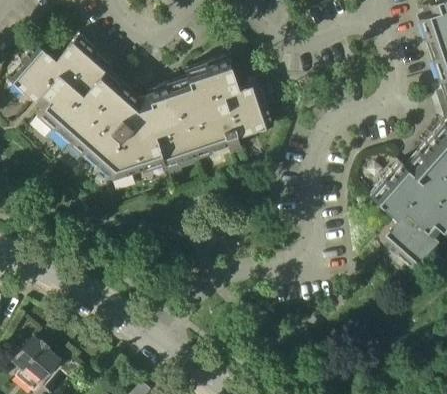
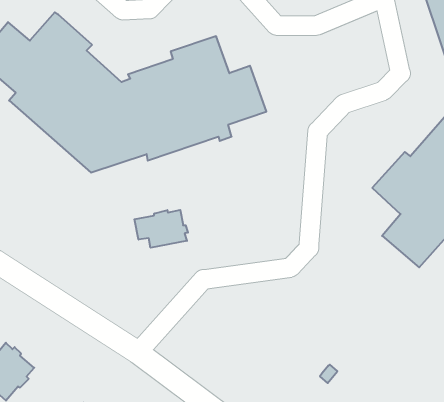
building: none -> [134,210,188,248]

